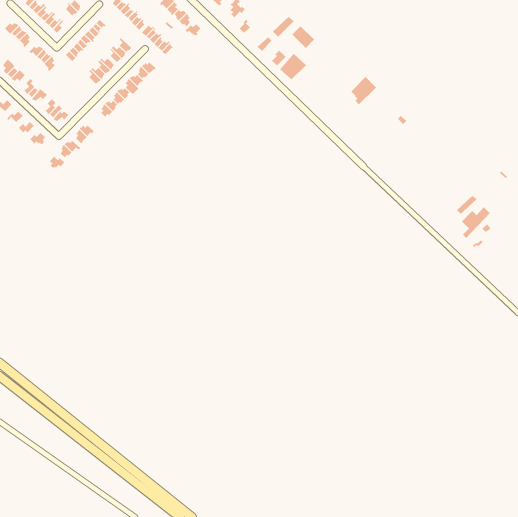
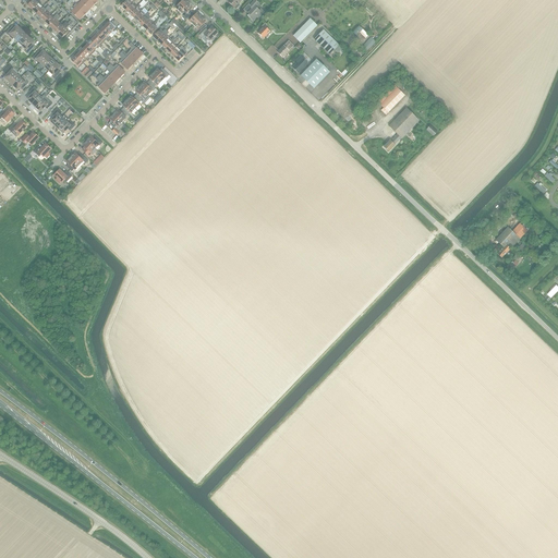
building: none -> [383,107,418,149]

